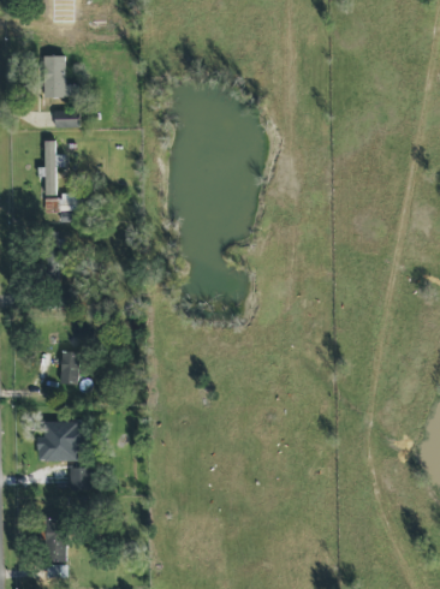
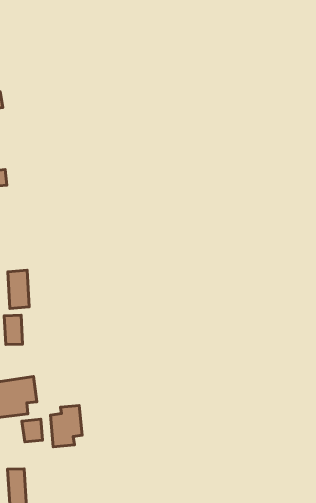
building: none -> [8,270,29,309]
building: none -> [51,405,82,447]

